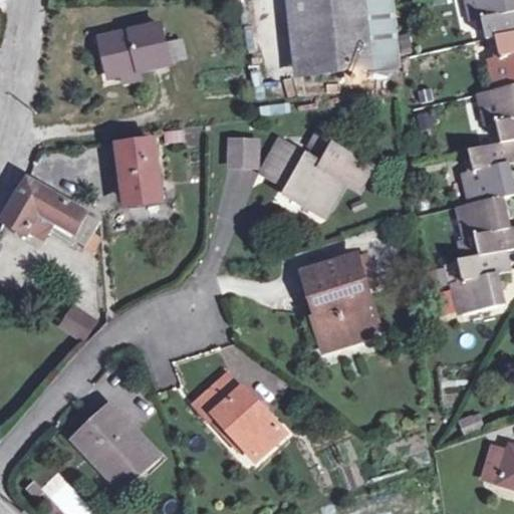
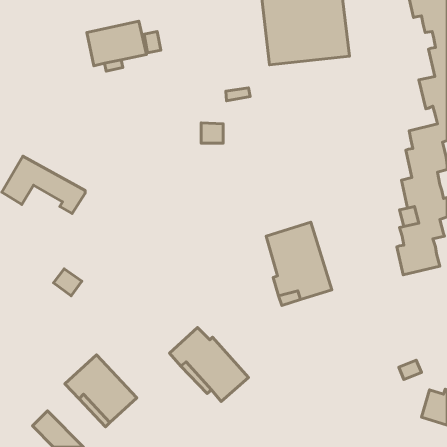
building: [262,127,368,213] -> none
building: [118,139,159,201] -> none

